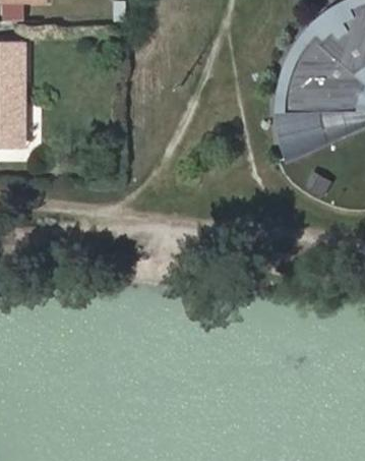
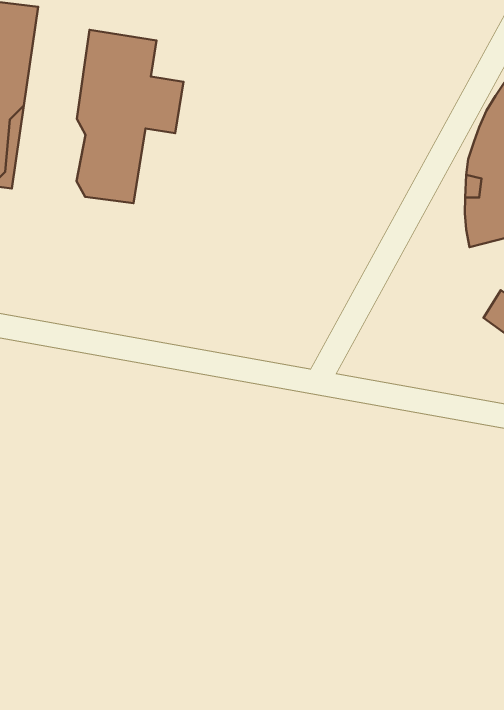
building: none -> [76,30,183,203]

